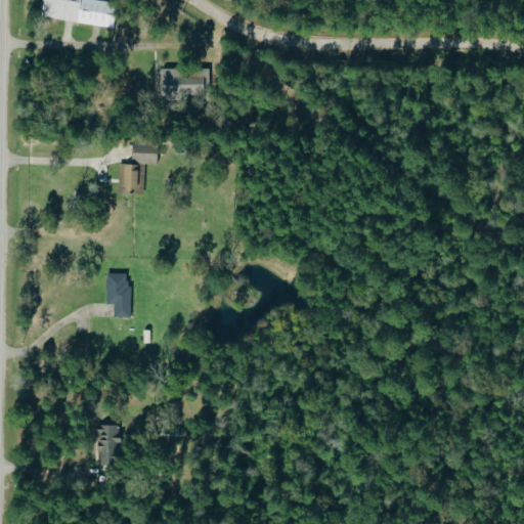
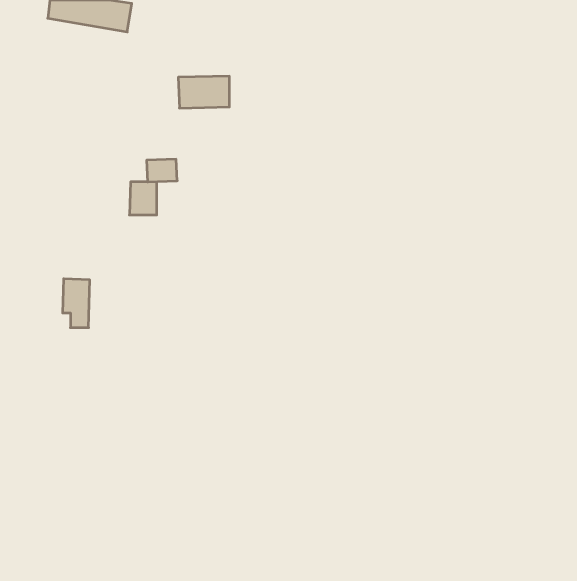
building: [105,273,130,317] -> [63,279,90,328]
building: [97,425,121,476] -> none

